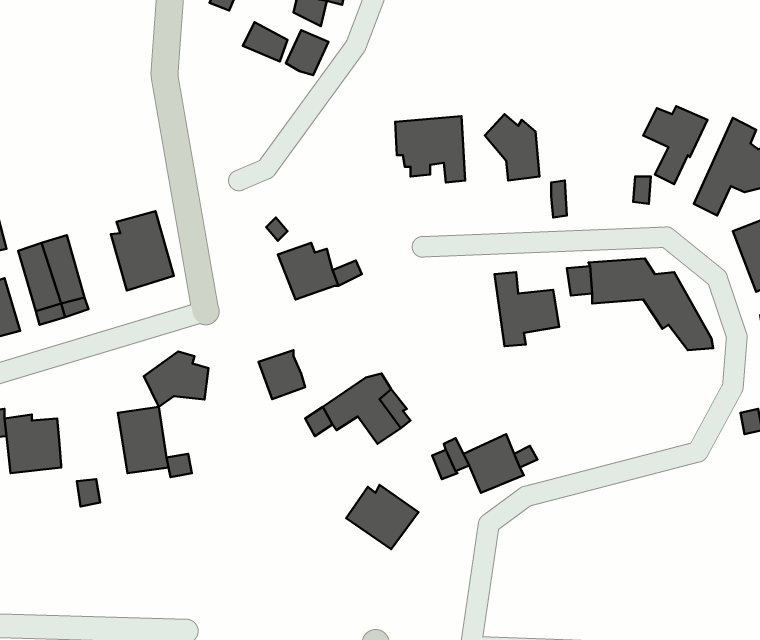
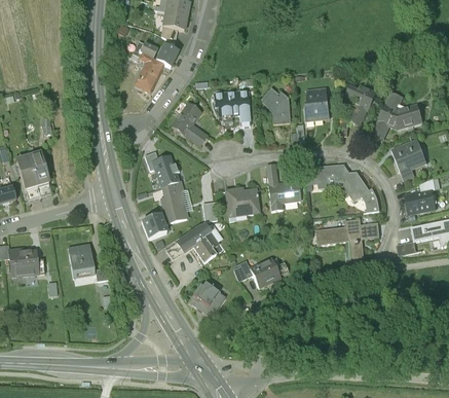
building: none -> [130,52,163,93]
building: none -> [304,88,330,120]
building: none -> [170,101,208,147]
building: [111,211,174,291] -> none
building: none -> [159,179,189,223]
building: none -> [225,187,260,218]
building: [144,351,209,407] -> none
building: none -> [315,219,380,259]

